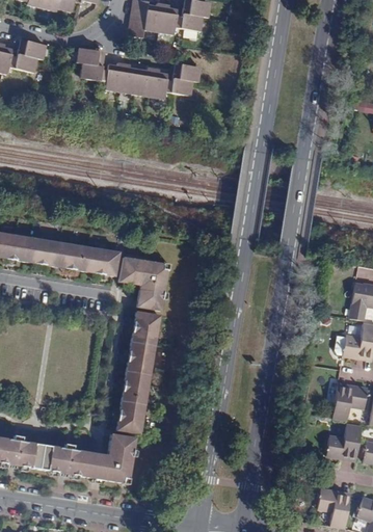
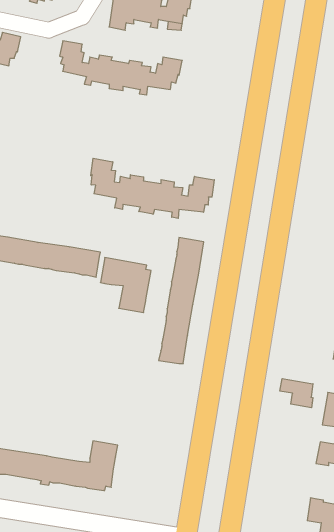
building: none -> [91,158,214,218]
building: [115,311,159,432] -> [159,238,204,364]
building: none -> [280,379,313,408]

